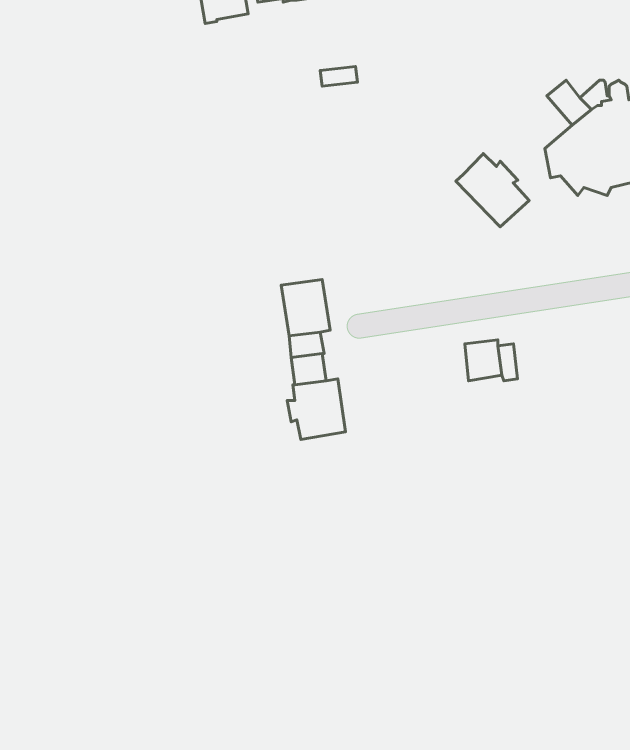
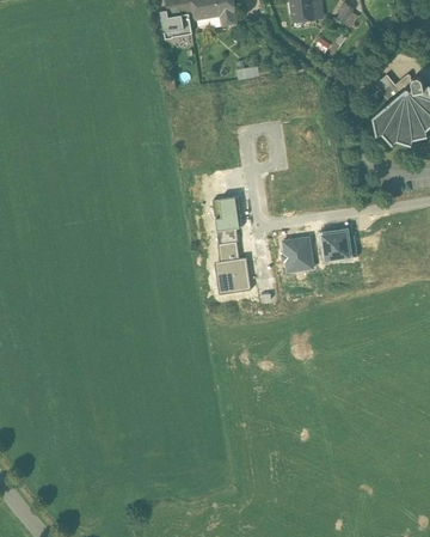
building: [456,153,529,227] -> none
building: none -> [282,238,313,271]

